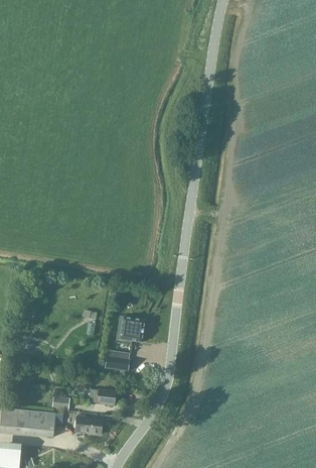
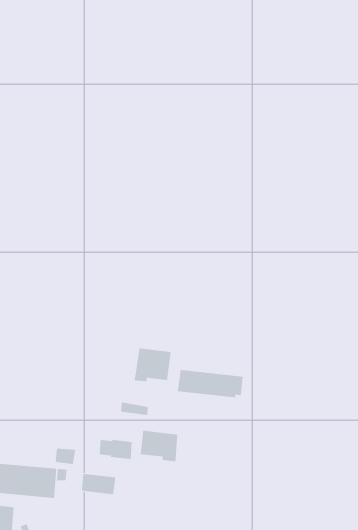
building: none -> [177,369,243,398]
building: none -> [140,430,178,462]

